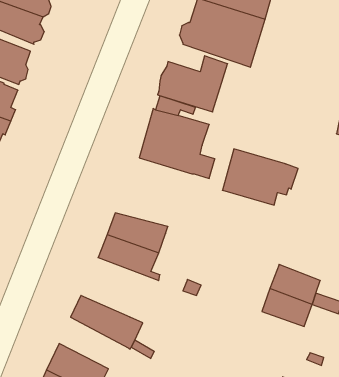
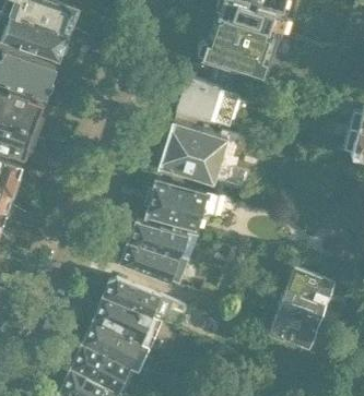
building: [222,149,298,205] -> [144,180,216,233]
building: none -> [103,281,179,331]
building: none -> [267,315,316,352]
building: none -> [82,321,149,370]

